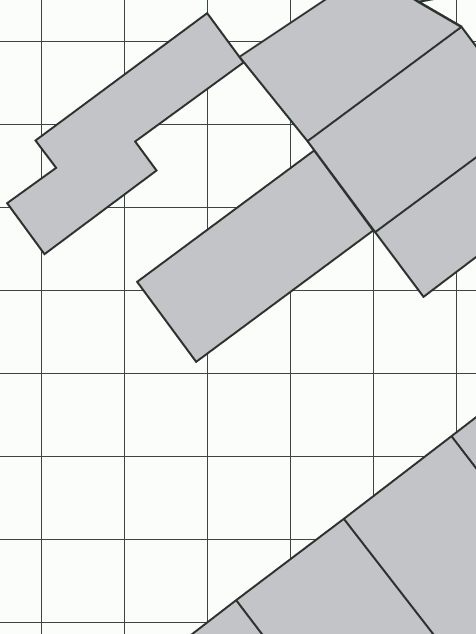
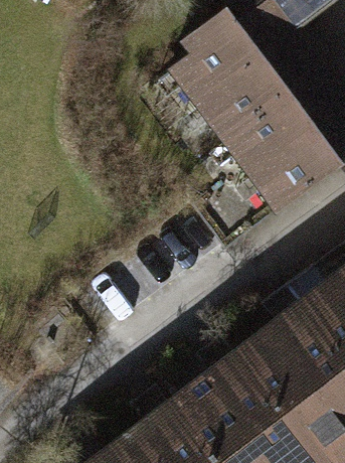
building: [7,13,244,254] -> none
building: [137,150,373,362] -> none

